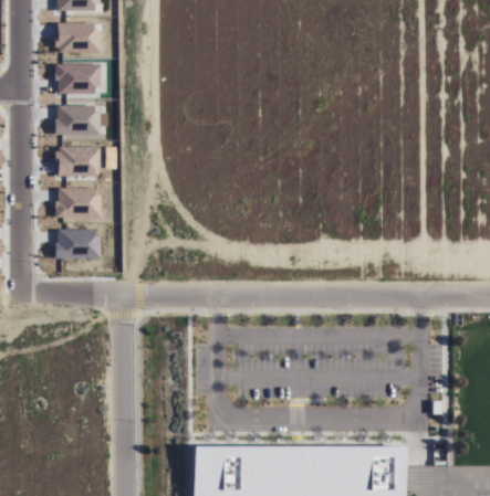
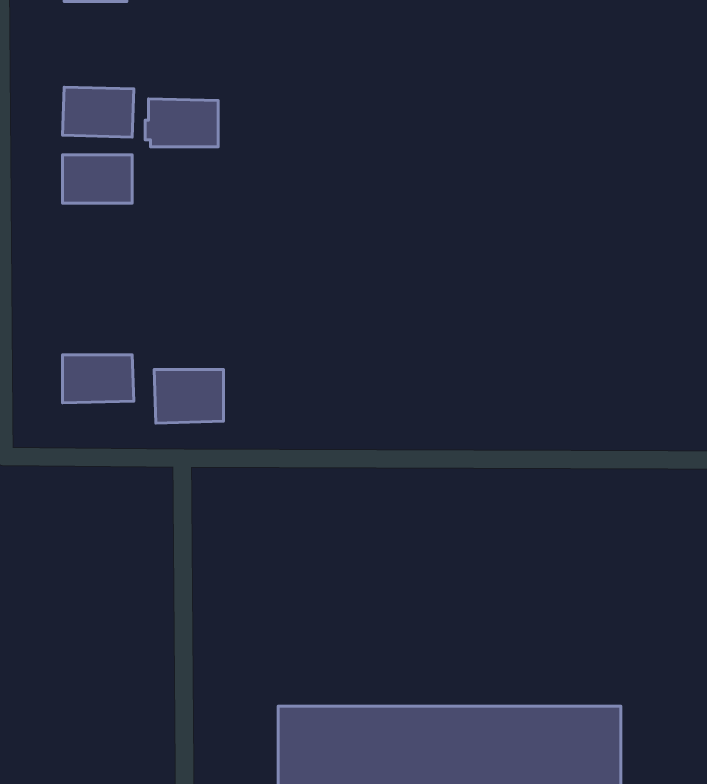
building: [55,22,101,52] -> [145,99,218,147]
building: [58,146,100,177] -> none
building: [56,188,100,221] -> [154,369,224,423]

